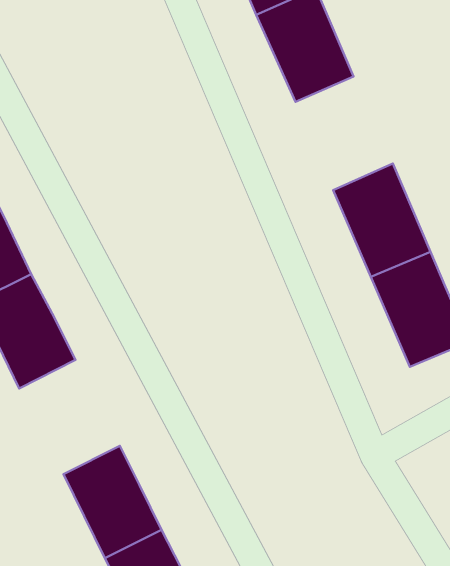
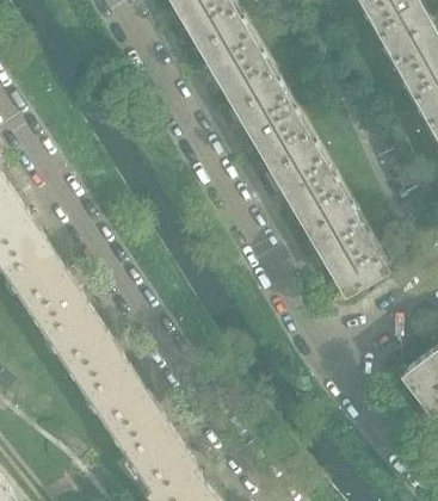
building: none -> [236,85,314,171]
building: none -> [57,320,137,406]

